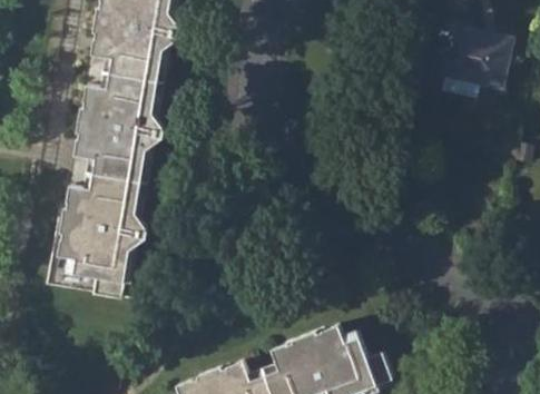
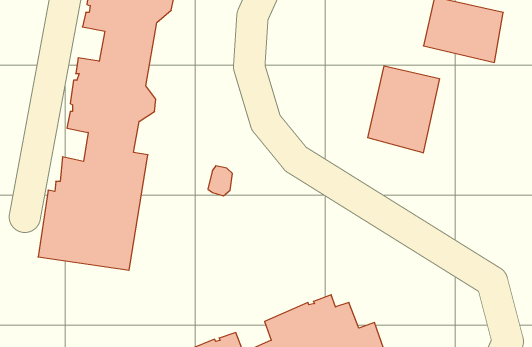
building: none -> [368,66,439,153]

